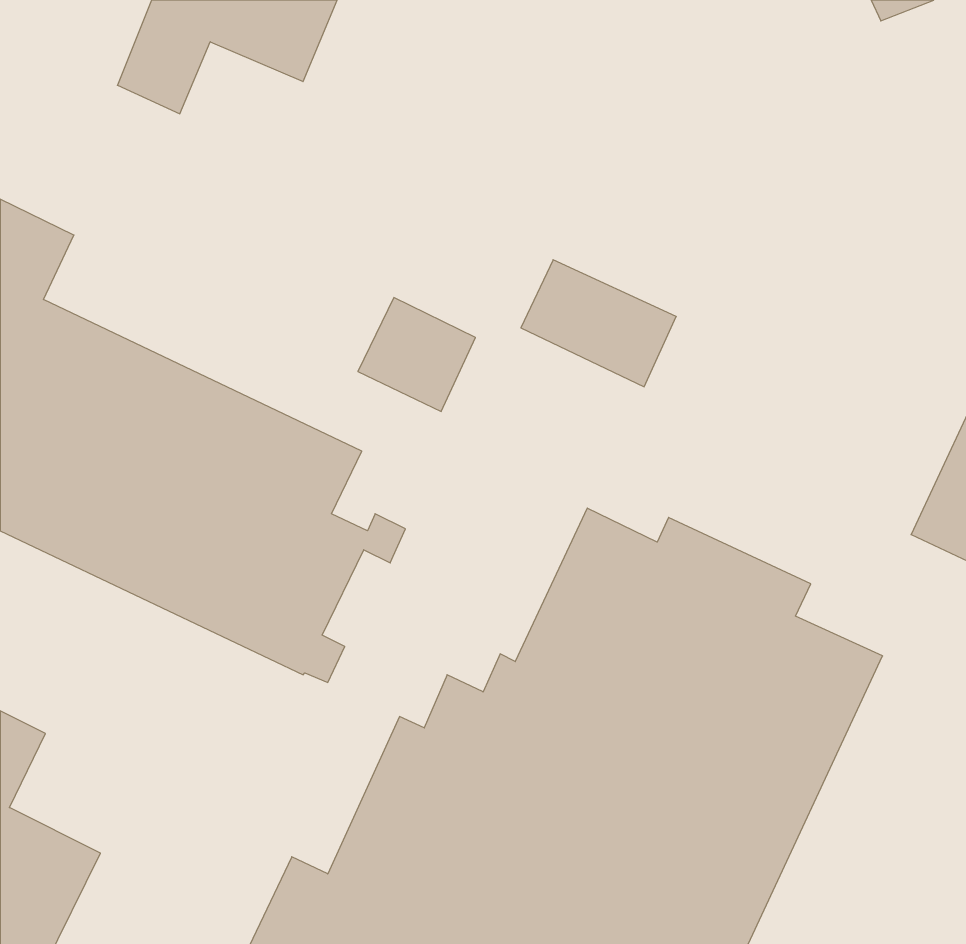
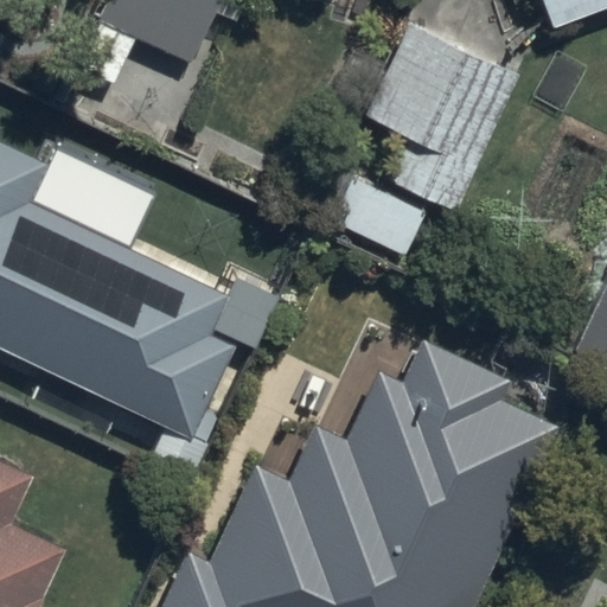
building: none -> [371,26,519,213]

